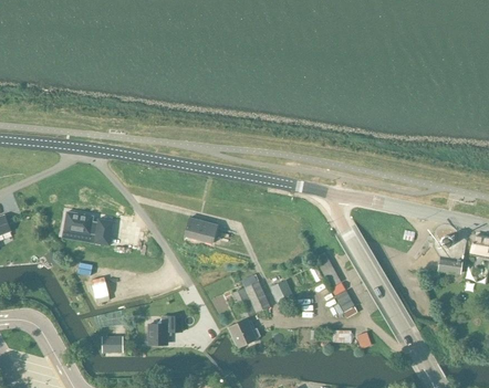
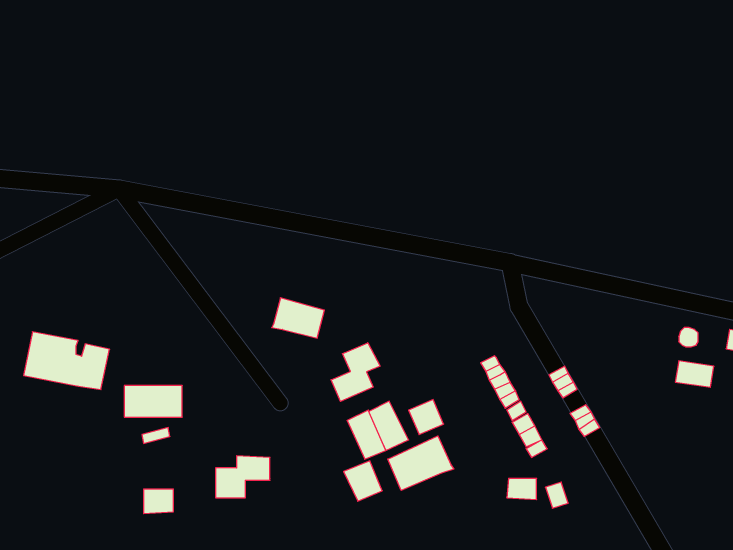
building: [60,208,114,244] -> [24,332,110,390]
building: none -> [331,343,380,401]
building: none -> [388,436,454,490]

